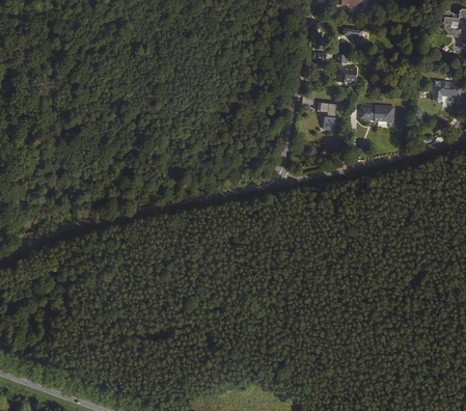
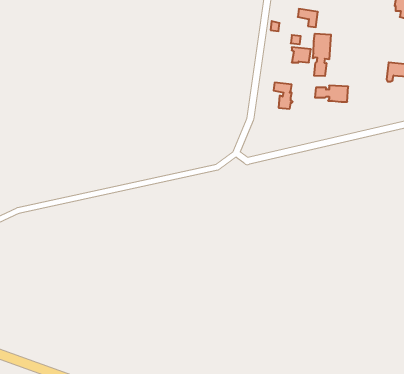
building: none -> [313,34,331,76]

